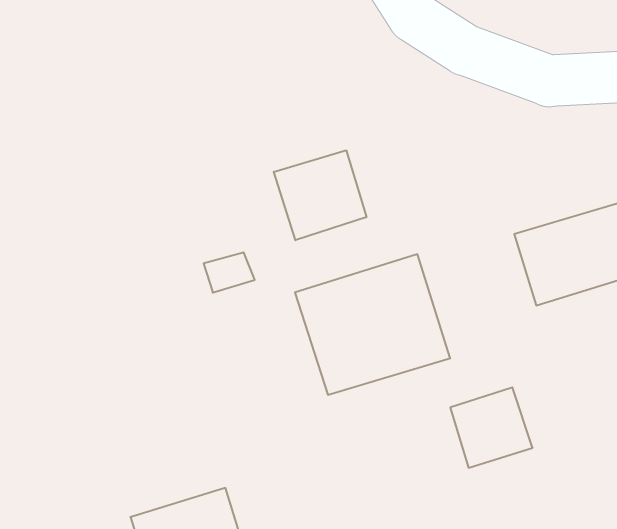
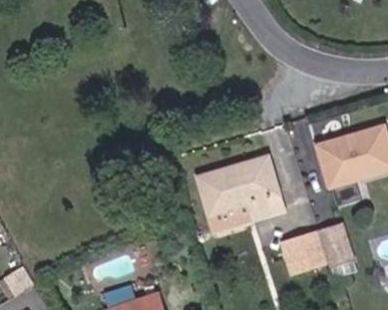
building: [274,150,366,240] -> none
building: none -> [319,224,352,270]

